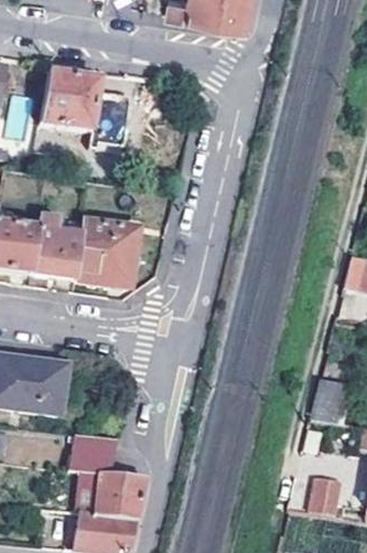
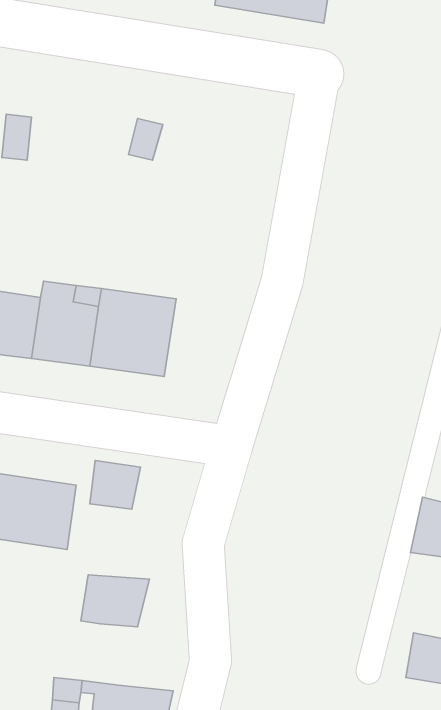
building: [43,72,100,129] -> none
building: none -> [90,460,140,509]
building: [82,468,147,518] -> none

